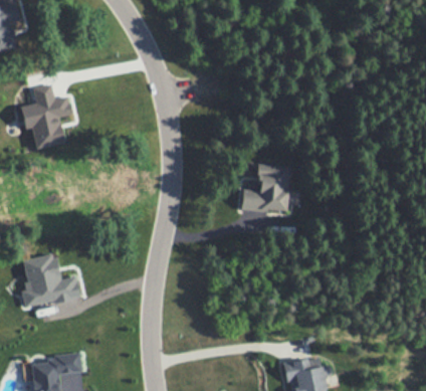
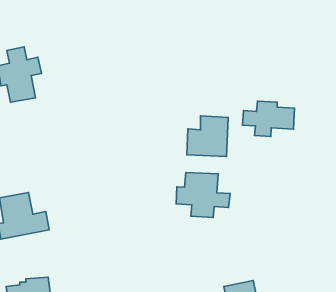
building: none -> [243,101,294,137]
building: none -> [176,172,230,217]

